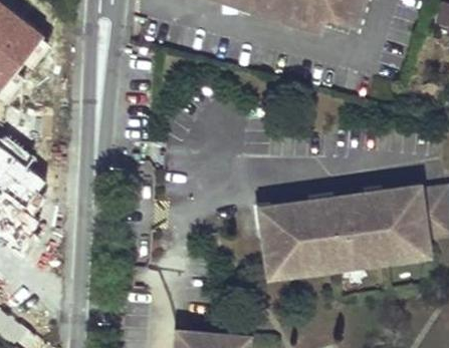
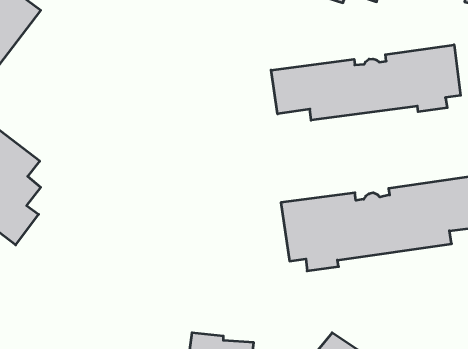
building: none -> [271,45,461,120]

